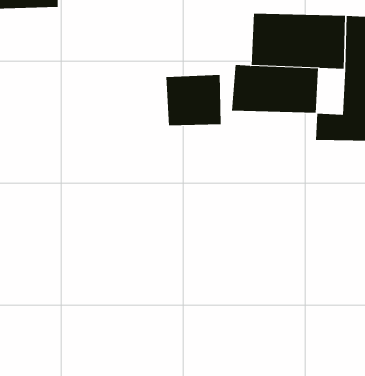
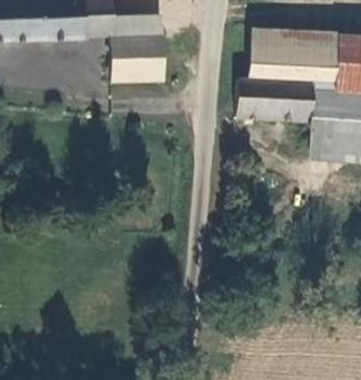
building: none -> [316,83,341,125]
building: [166,75,222,126] -> [110,27,161,73]

